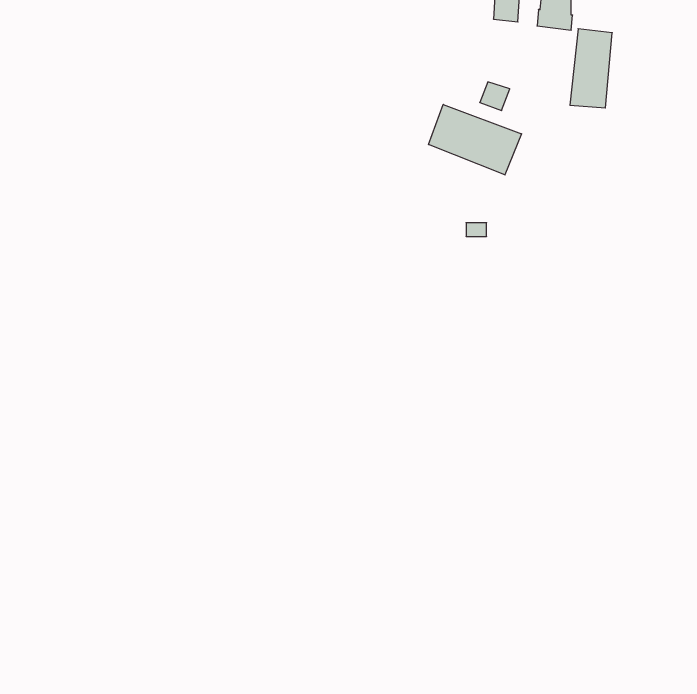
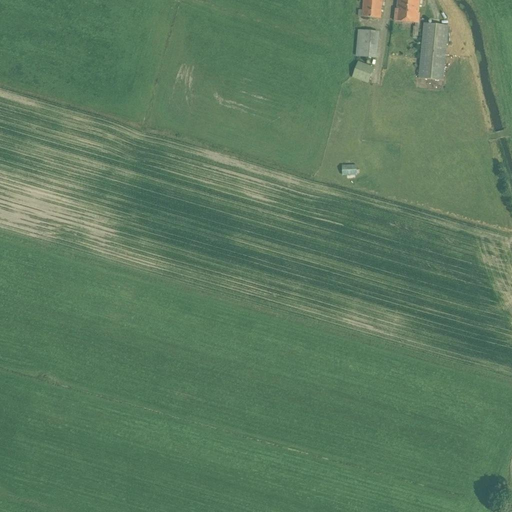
building: none -> [354,28,378,57]
building: [429,104,522,175] -> none

